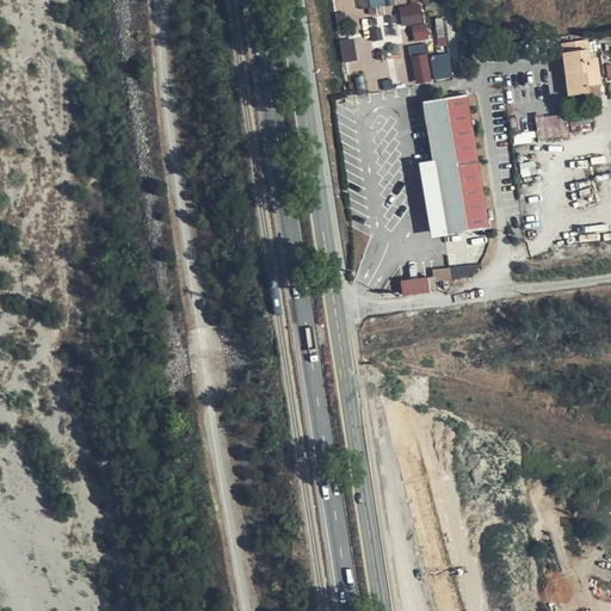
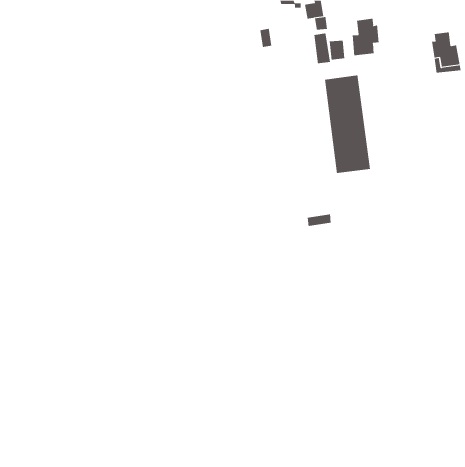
building: none -> [352,18,379,56]
building: [535,112,568,137] -> none

